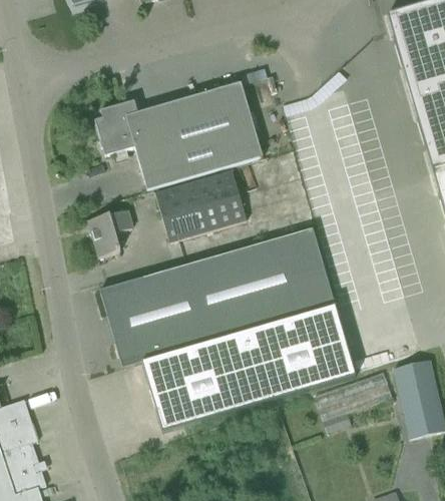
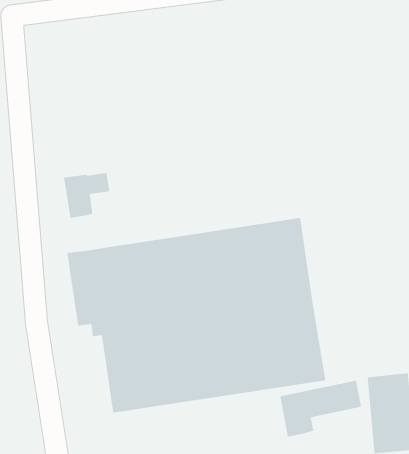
building: [94,81,262,189] -> none
building: [154,169,246,241] -> none

